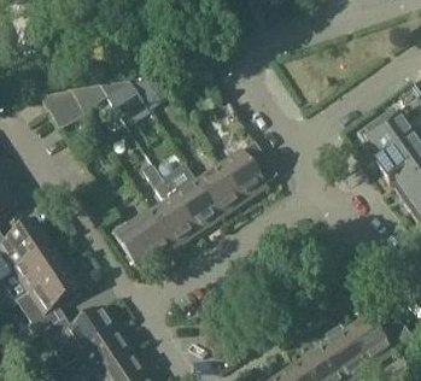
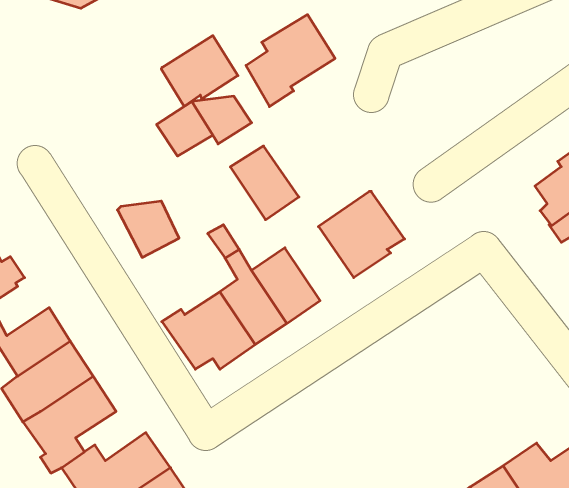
building: none -> [246,15,335,107]
building: none -> [161,36,238,106]
building: [43,87,86,125] -> [117,201,179,257]
building: [197,163,244,213] -> [230,146,299,220]

